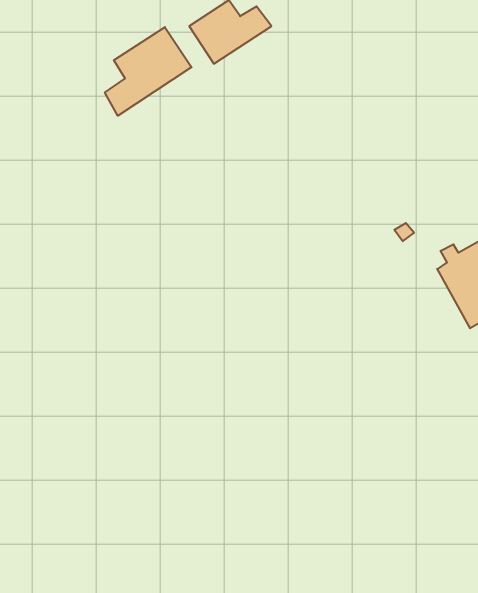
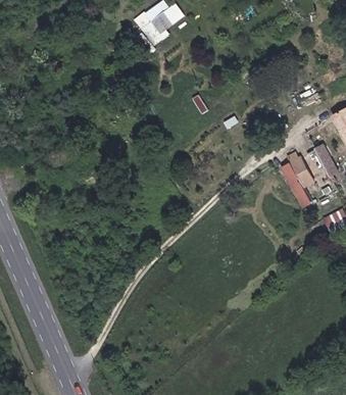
building: [105,27,192,116] -> none

